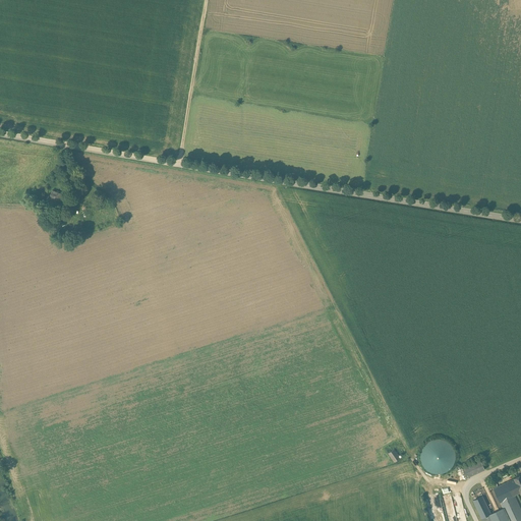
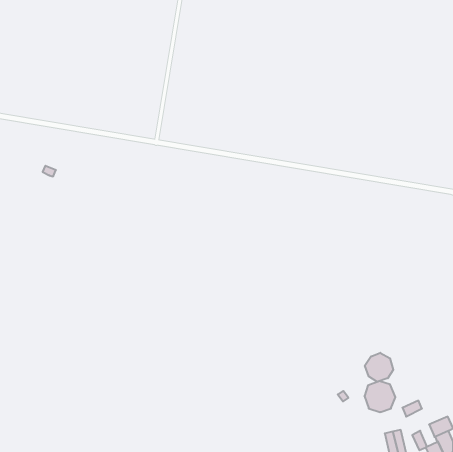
building: none -> [365,353,393,382]

